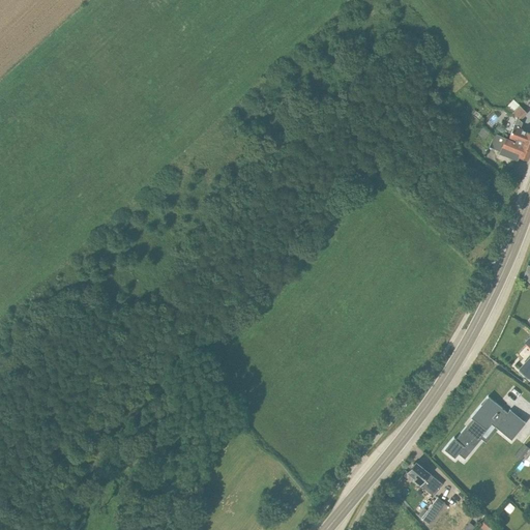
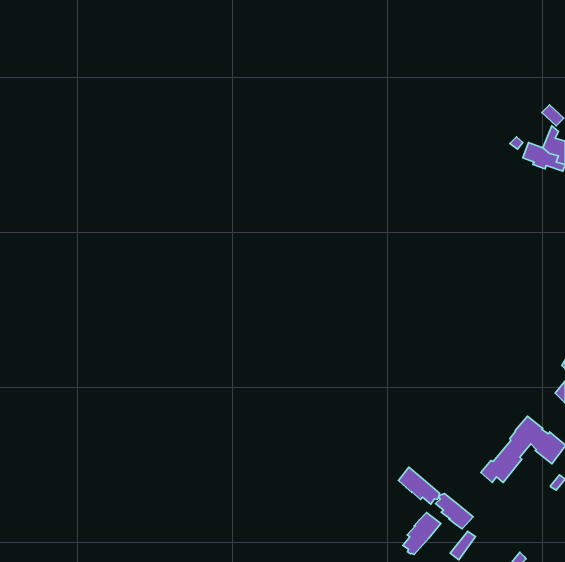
building: none -> [399,467,439,504]
building: none -> [403,513,441,554]

